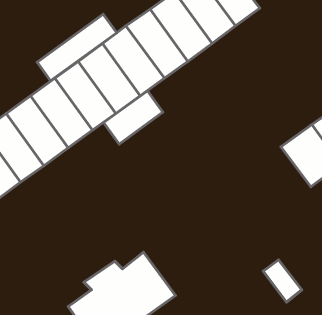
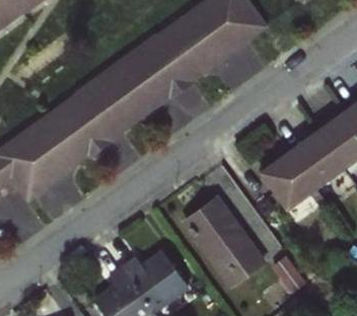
building: [37,14,117,81] -> none
building: [104,91,163,144] -> none
building: none -> [260,152,314,210]
building: none -> [181,194,267,289]

